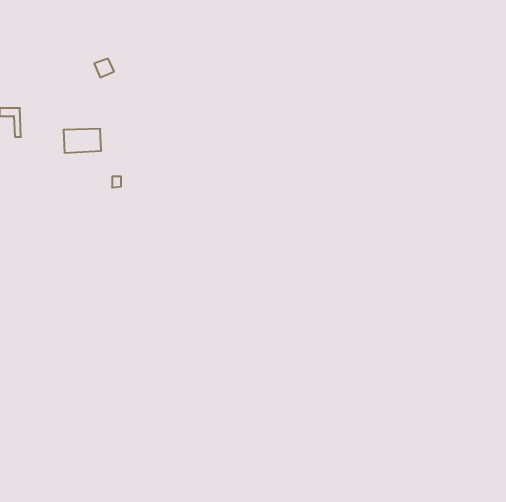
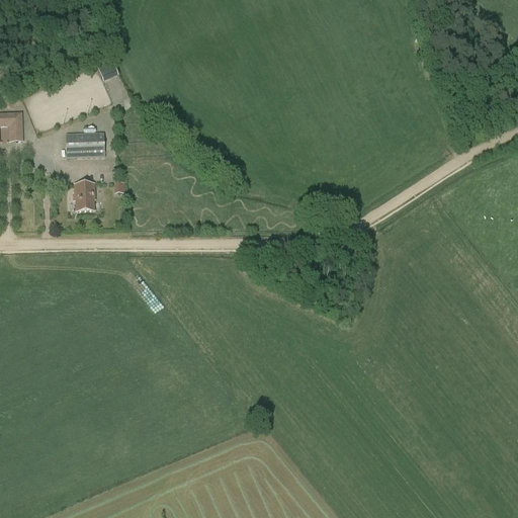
building: none -> [76,181,95,211]

